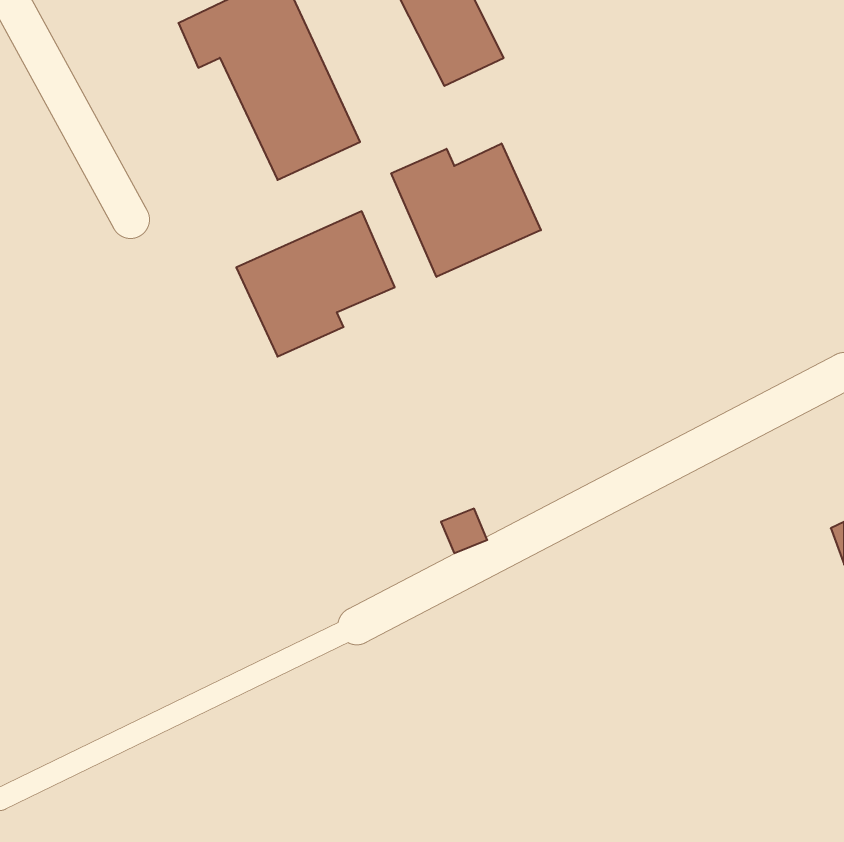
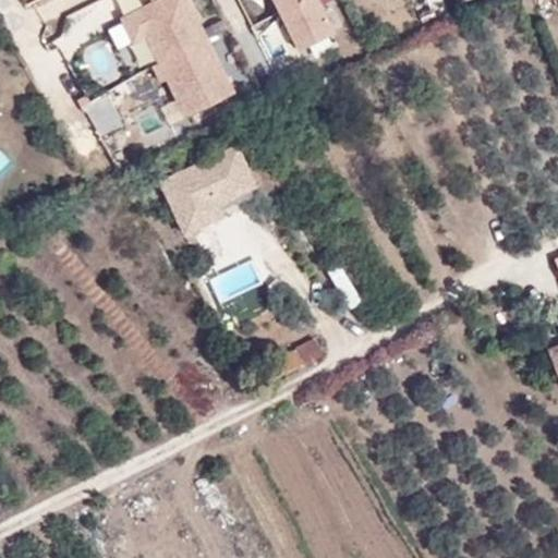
building: [391,143,541,277] -> none

